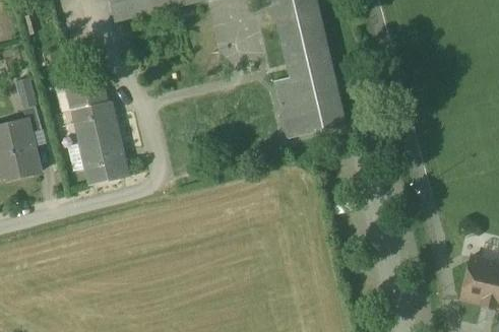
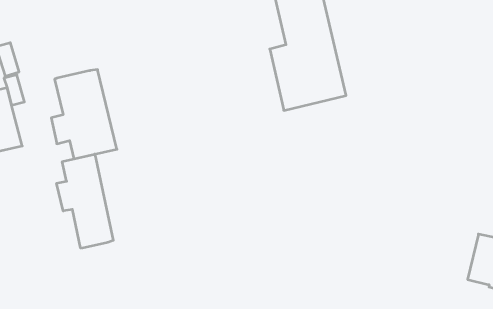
building: [68,79,105,109] -> none
building: none -> [57,154,113,248]

